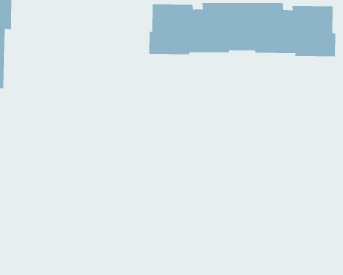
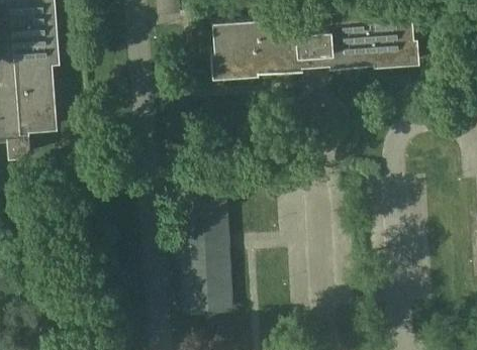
building: none -> [179,189,231,318]

